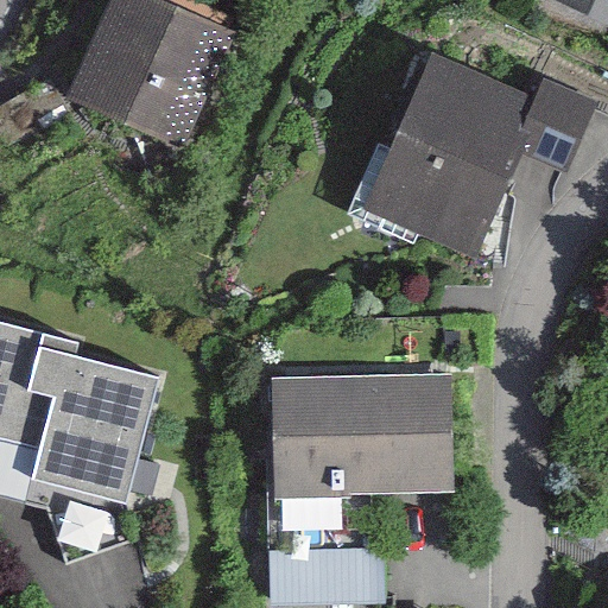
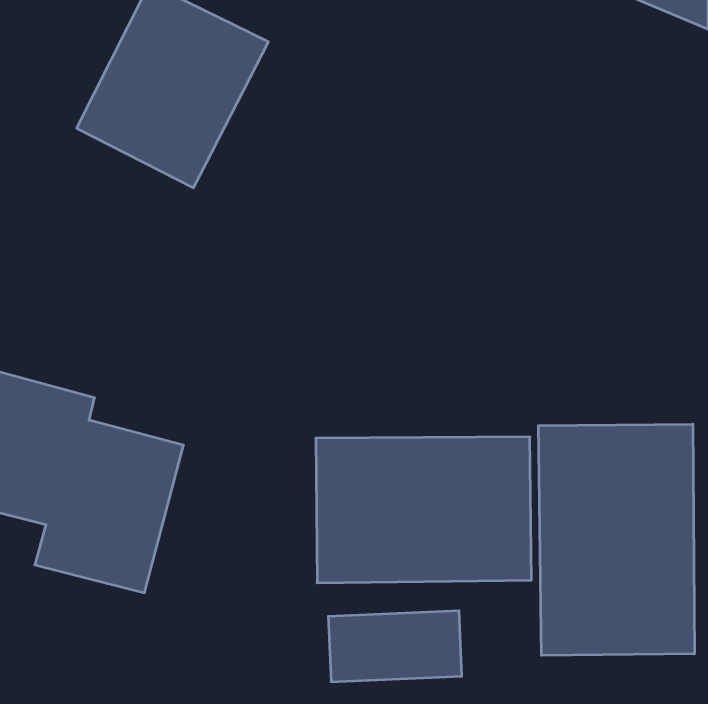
building: [357,49,596,260] -> none
building: none -> [538,424,694,655]

